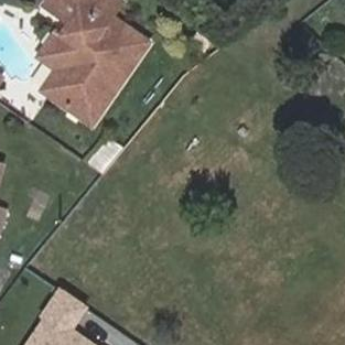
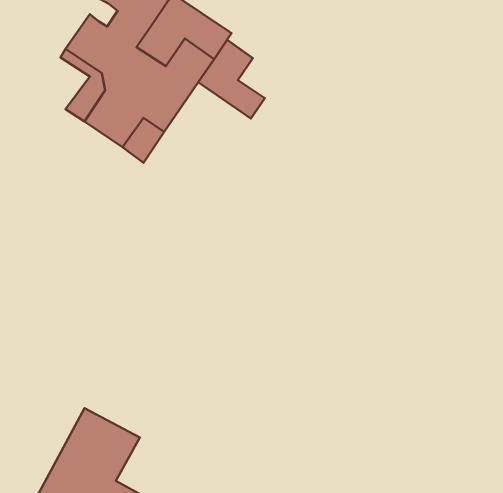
building: none -> [198,40,265,118]

